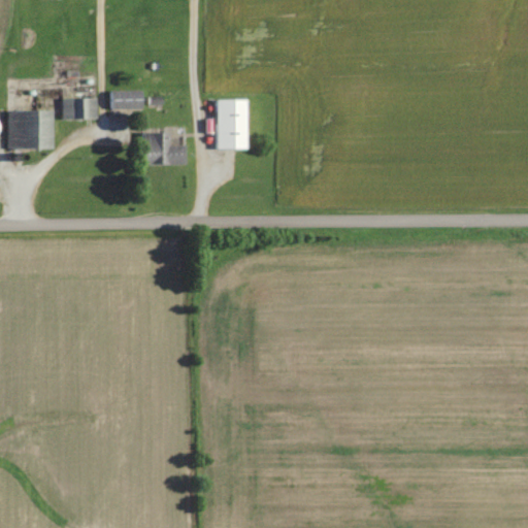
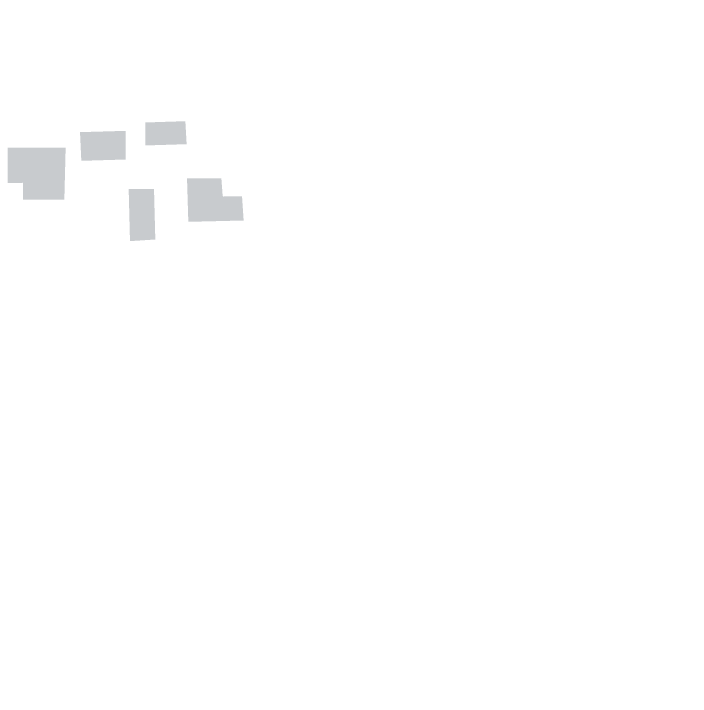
building: [217,98,248,150] -> none
building: none -> [128,188,156,242]

